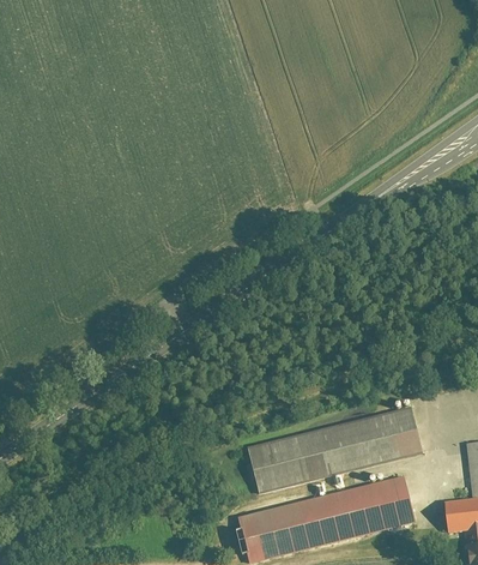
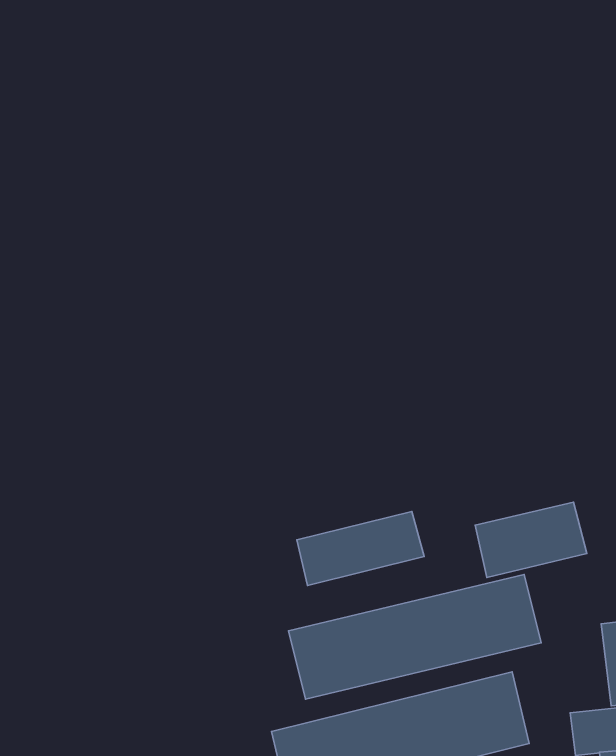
building: none -> [475,502,587,578]
building: none -> [297,512,424,586]

